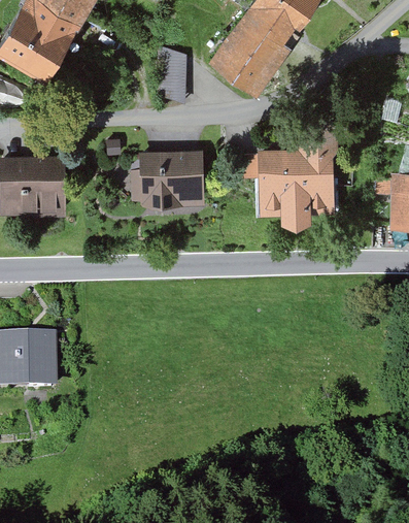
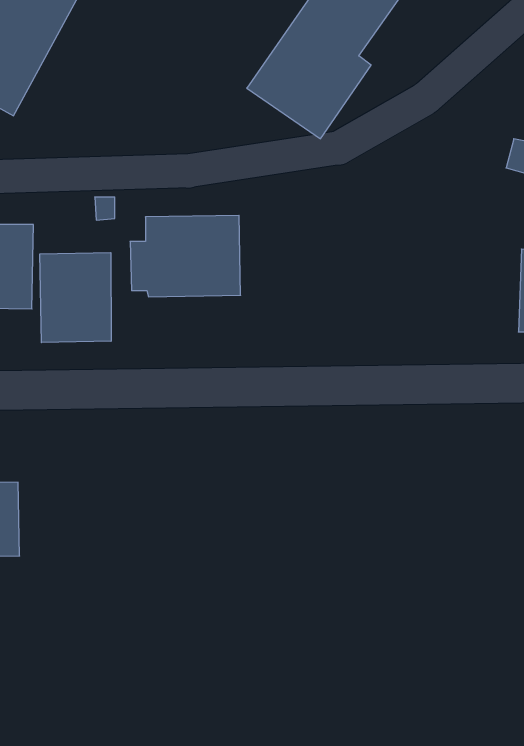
building: [158,47,186,103] -> none
building: [244,118,337,233] -> none
building: none -> [40,253,111,343]

